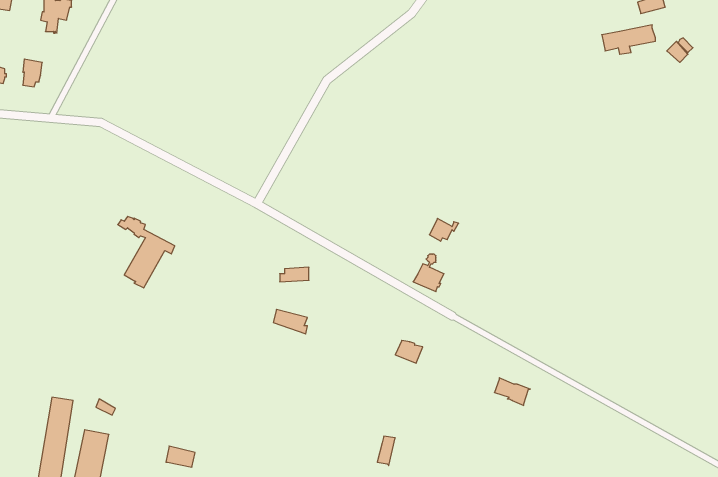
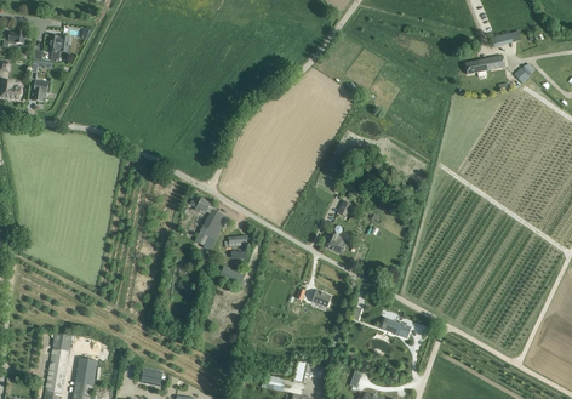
building: [118,216,175,288] -> [189,196,231,250]

